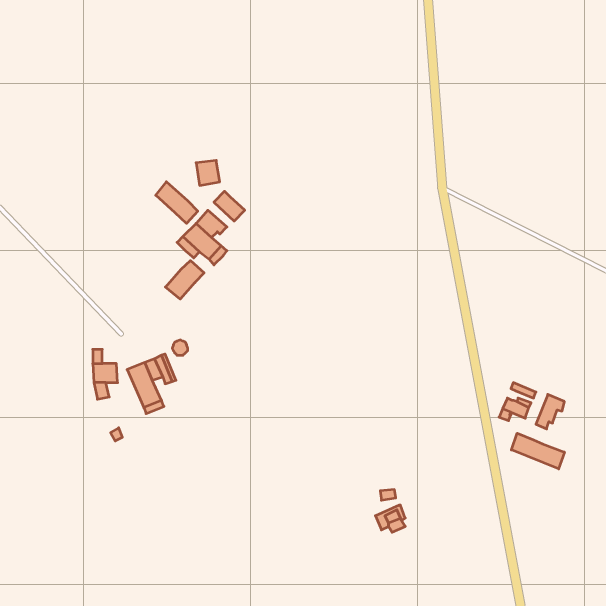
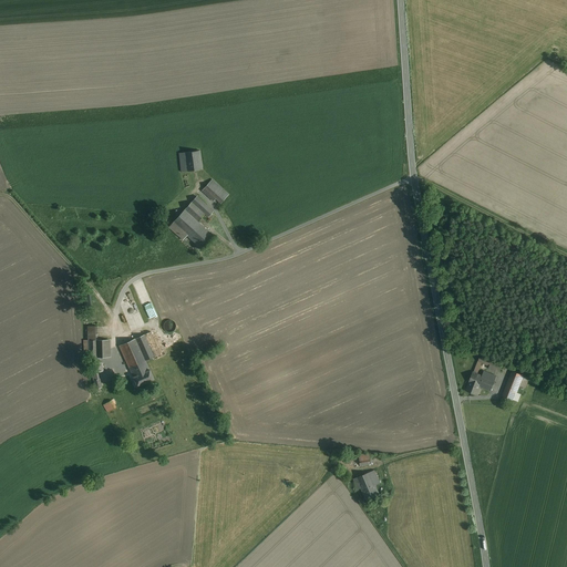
building: [156,182,198,223] -> none
building: [165,261,204,299] -> none
building: [511,433,564,469] -> none

